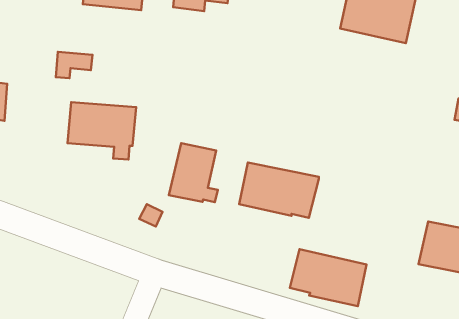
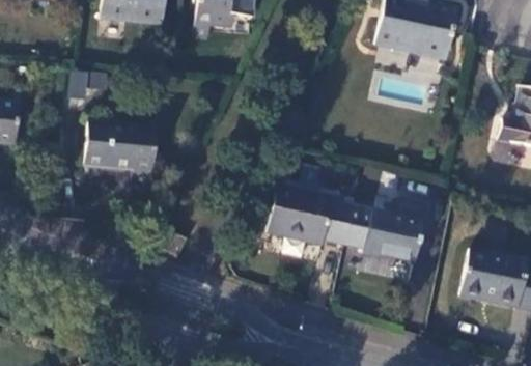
building: [169,143,218,202] -> none
building: [290,249,367,306] -> [341,205,423,266]

